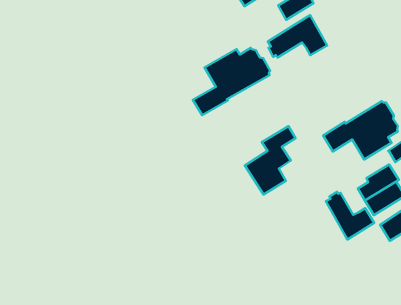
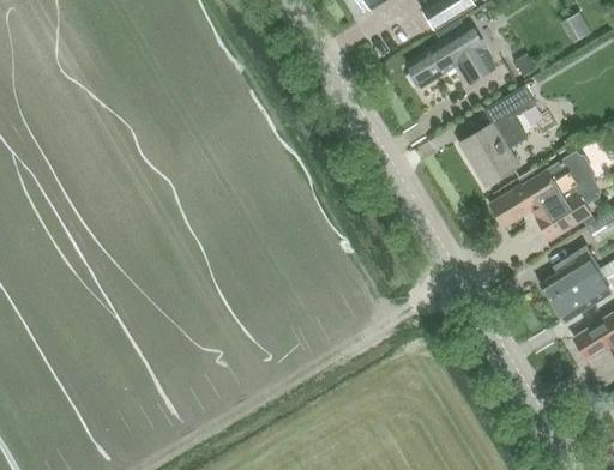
building: [193,48,270,115] -> none
building: [245,126,296,194] -> [459,85,535,187]
building: [326,192,374,240] -> none

